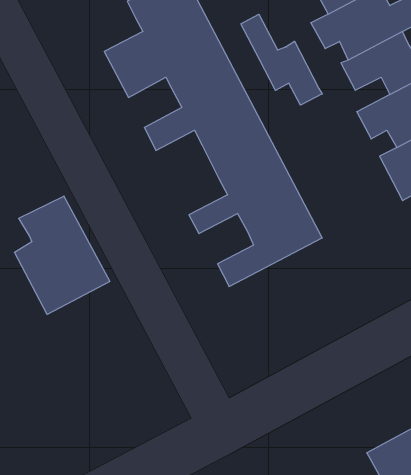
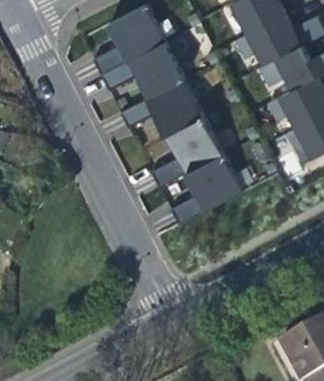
building: [241,14,322,105] -> none
building: [14,196,110,314] -> none

